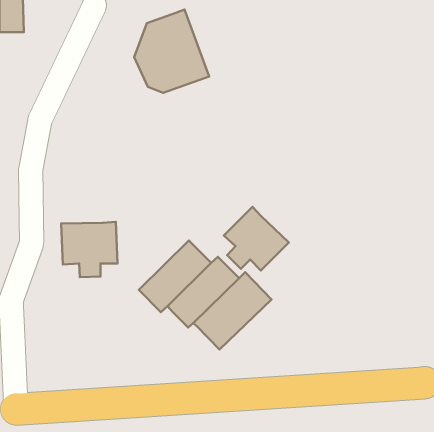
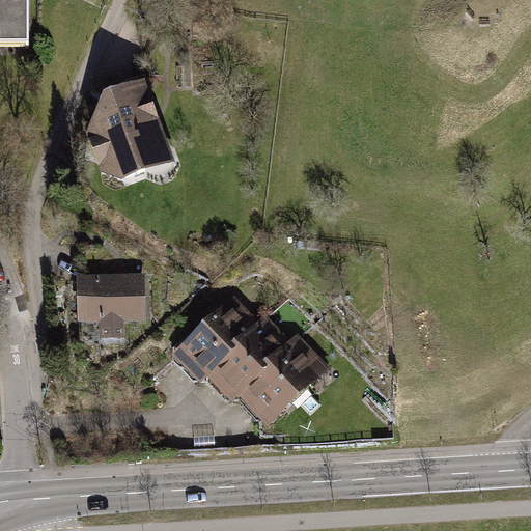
building: [134,9,209,93] -> [82,77,173,178]
building: [224,207,289,270] -> none

